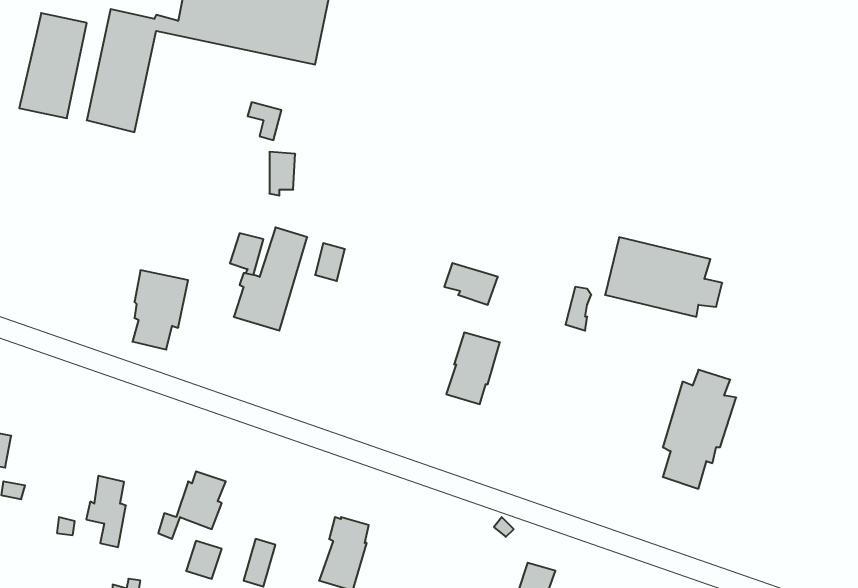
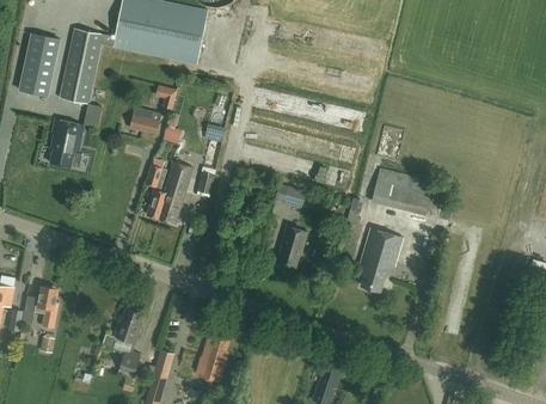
building: none -> [129,106,161,135]
building: [132,270,188,350] -> [49,118,82,166]
building: [663,370,736,489] -> [358,220,403,292]
building: [86,476,126,547] -> [33,284,57,328]

